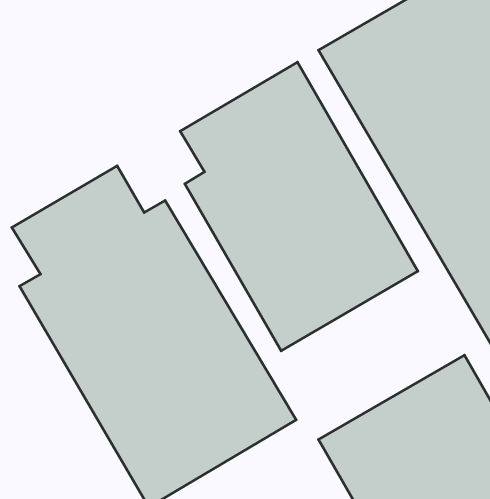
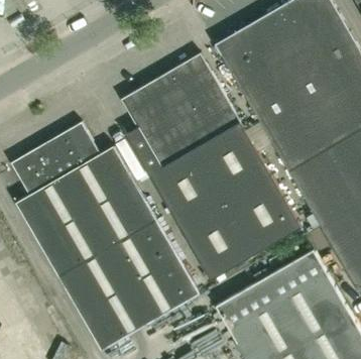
building: none -> [191,193,303,280]

